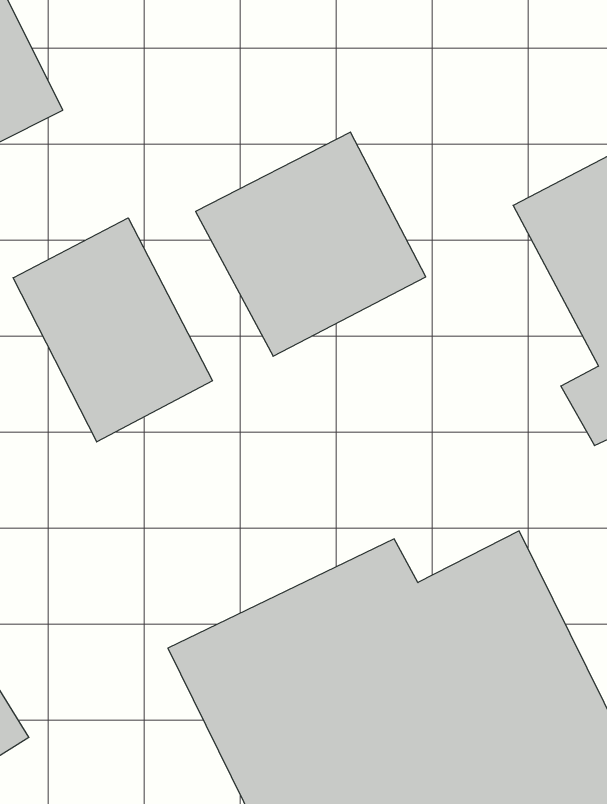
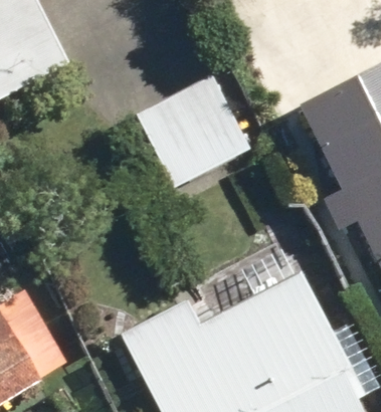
building: [13,218,212,442] -> none

